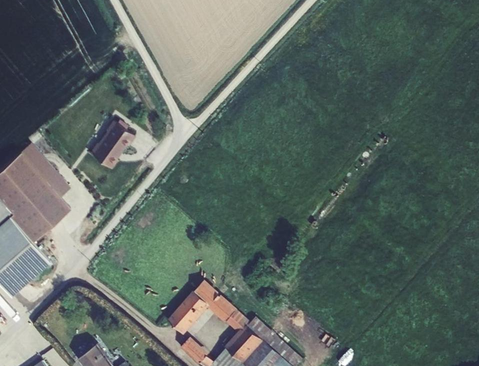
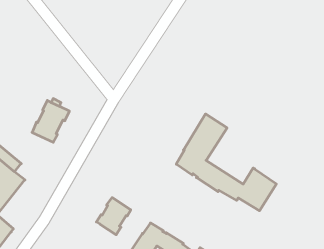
building: none -> [176,114,276,211]
building: none -> [96,198,131,235]

